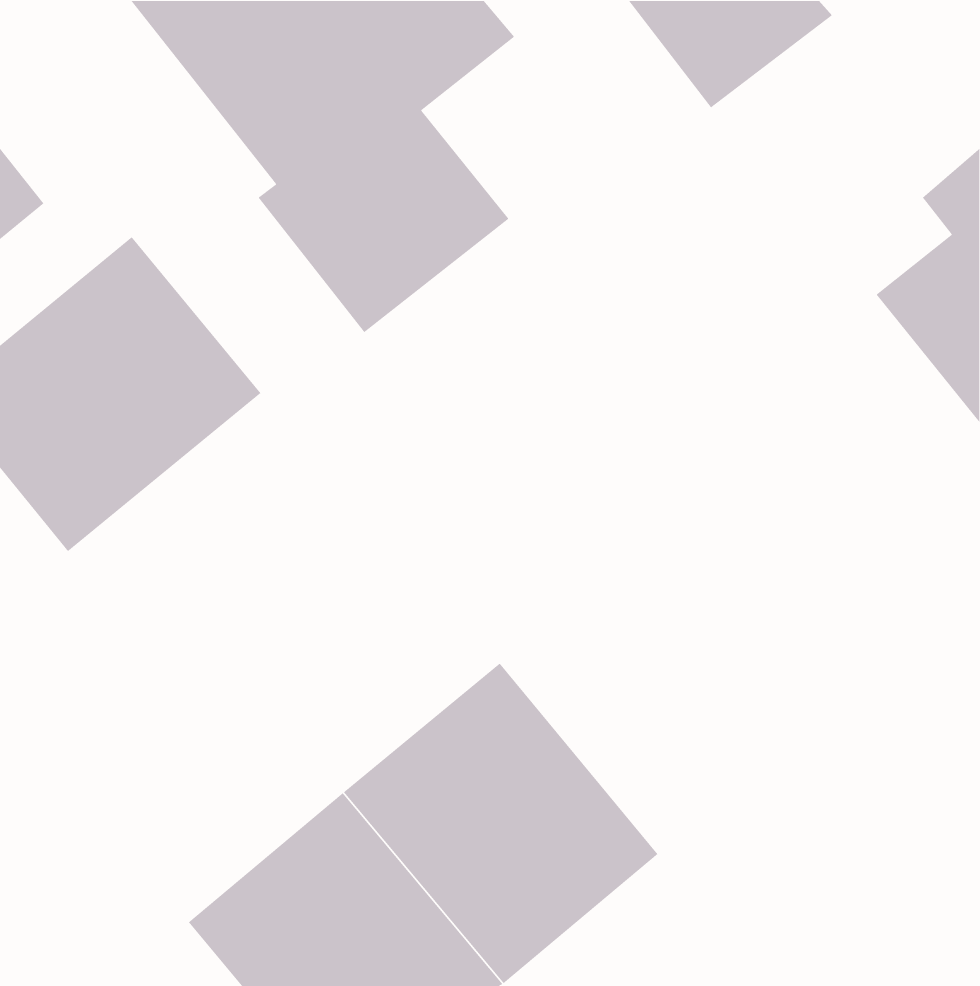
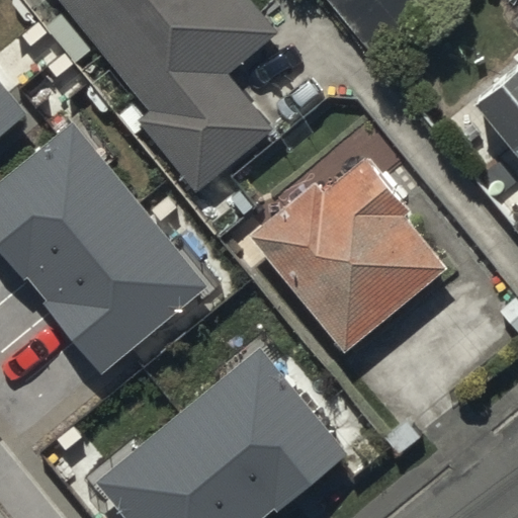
building: none -> [251,160,441,350]
building: none -> [35,207,204,372]

